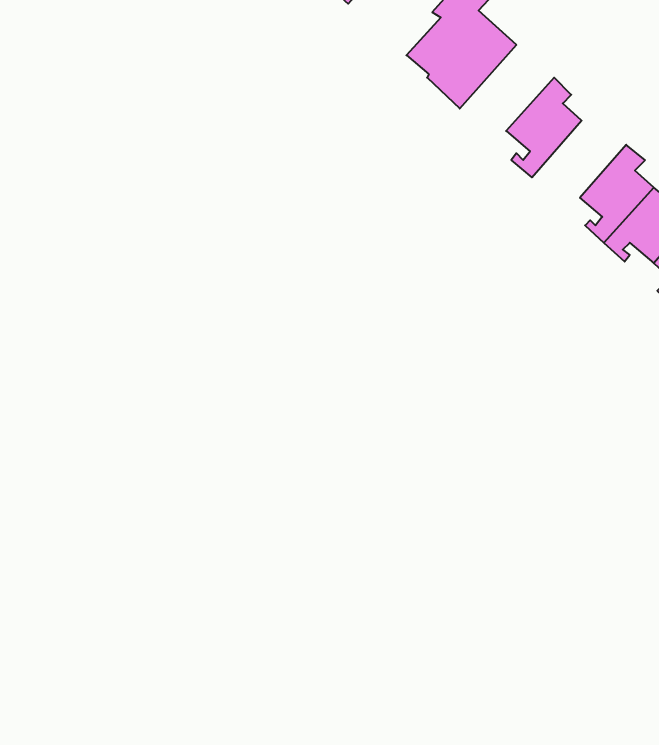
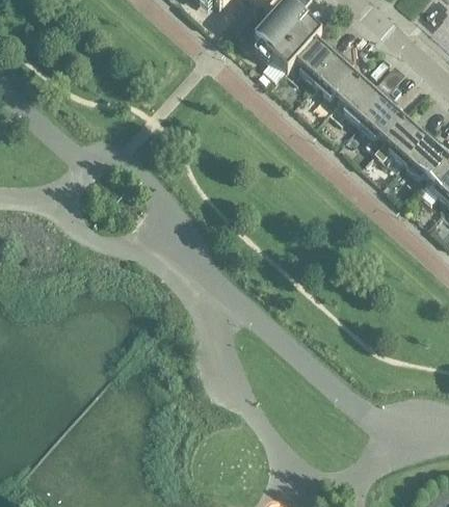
building: none -> [285,32,343,84]
building: none -> [329,78,387,125]

